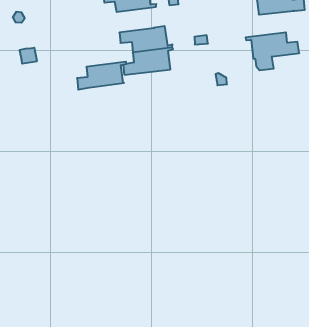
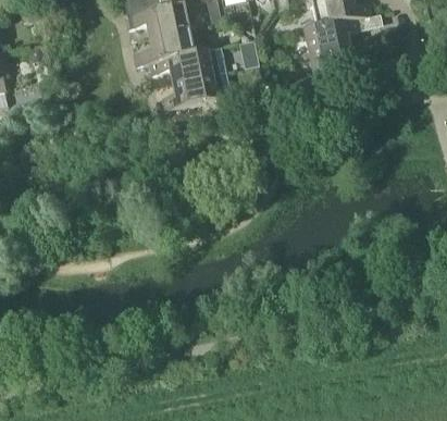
building: none -> [303,16,360,52]
building: [77,62,127,89] -> [140,25,197,62]

